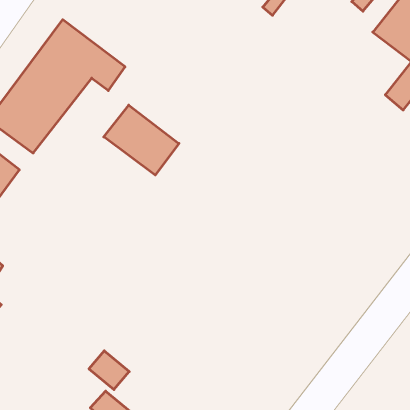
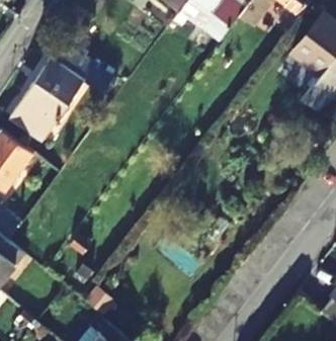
building: [104,105,179,175] -> none

